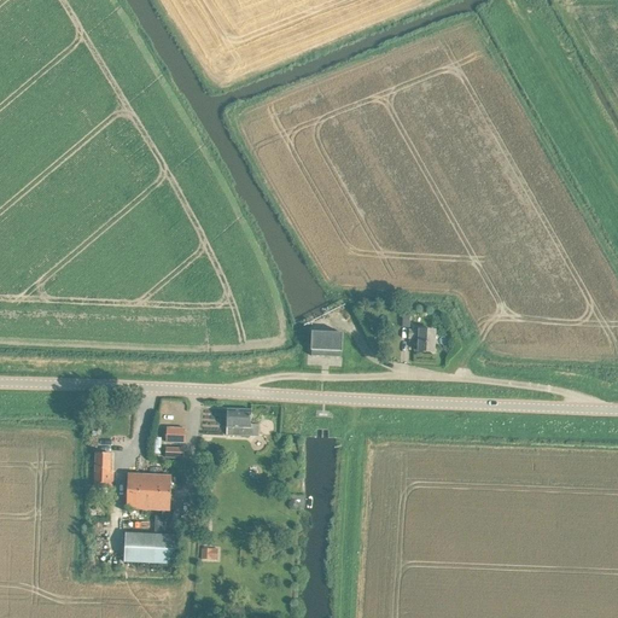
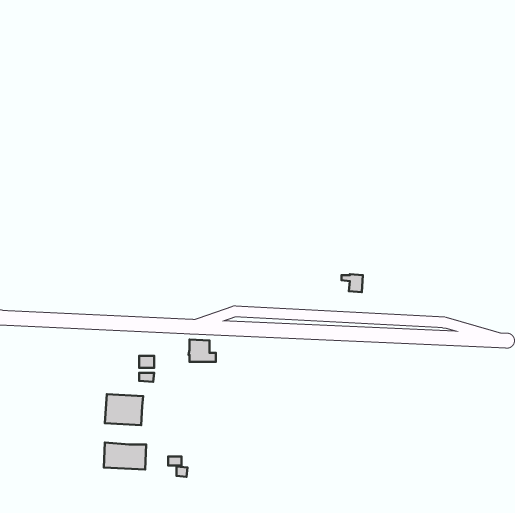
building: [310,330,343,355] -> none
building: [94,451,113,486] -> none

